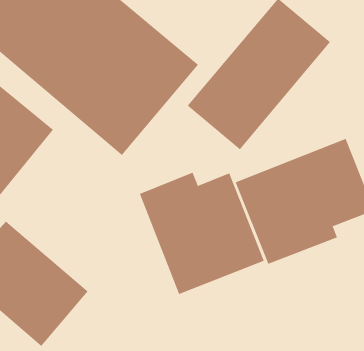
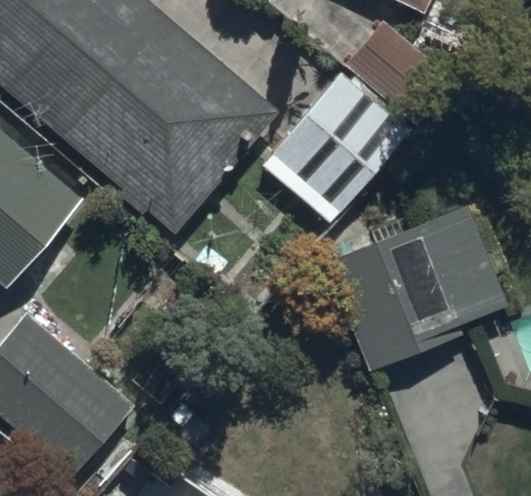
building: [139,172,265,295] -> none

